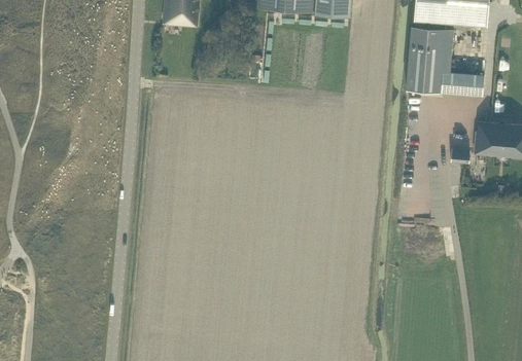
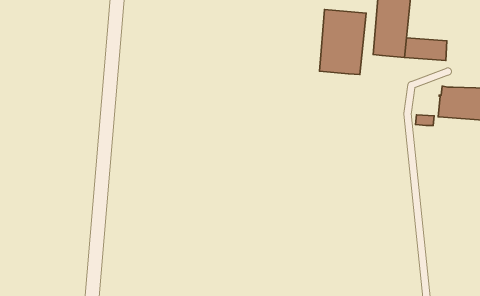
building: none -> [320,9,366,75]

